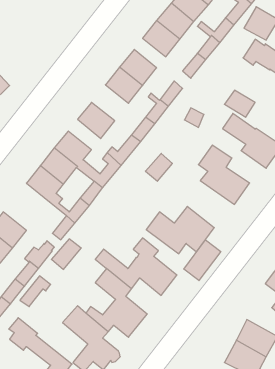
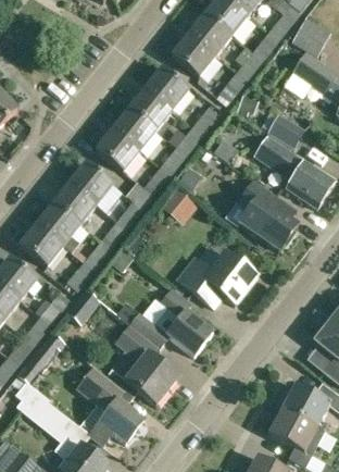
building: none -> [113,108,156,150]
building: none -> [20,223,64,265]
building: [184,240,221,281] -> none

